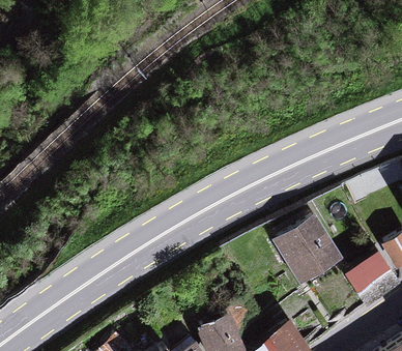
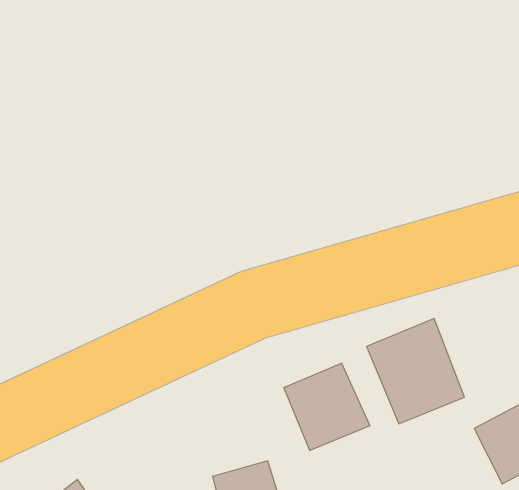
building: none -> [284,363,370,451]

